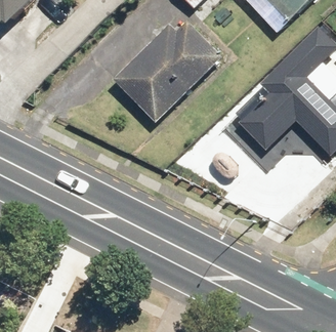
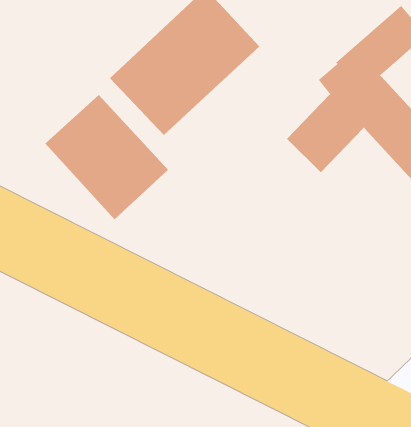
building: none -> [45,94,169,220]

